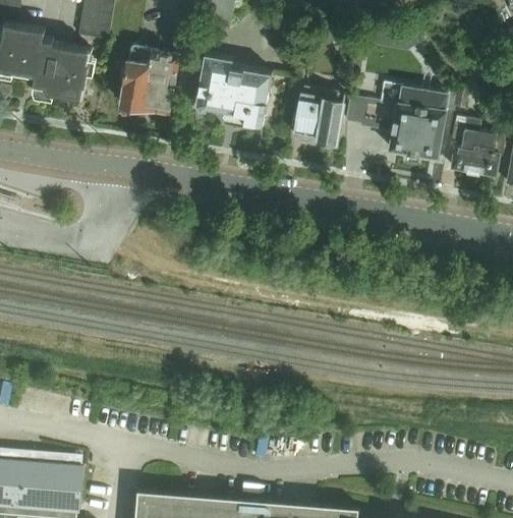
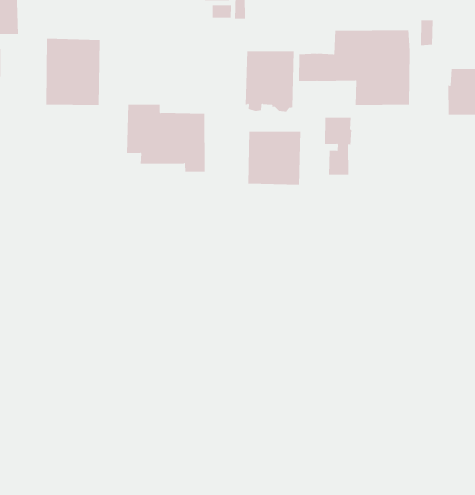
building: [195,55,270,125] -> [126,104,205,172]
building: [450,119,478,173] -> [324,117,352,175]
building: none -> [248,131,301,185]

